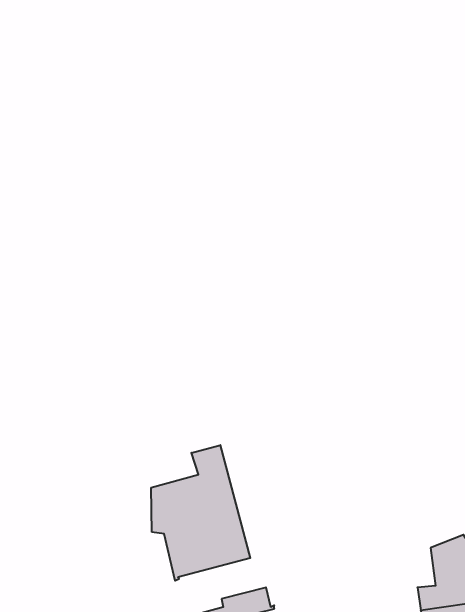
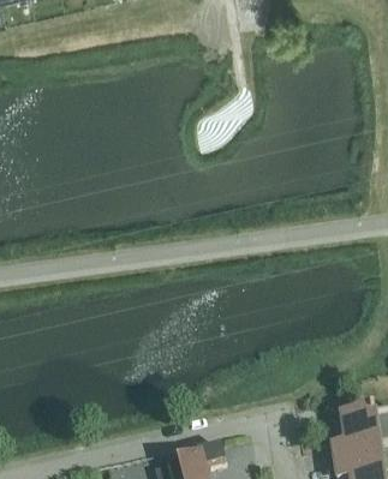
building: [151,445,250,581] -> none

